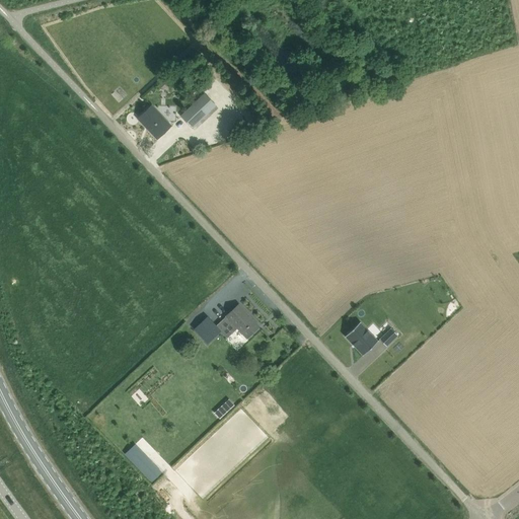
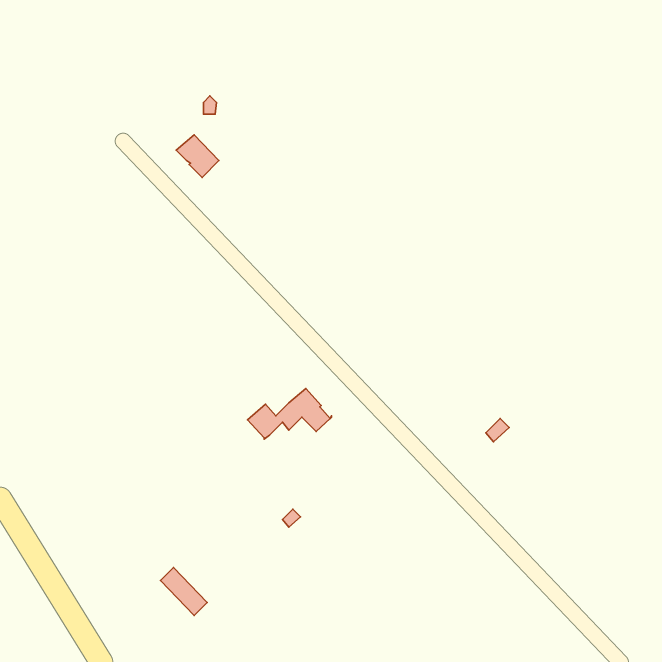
building: [181,93,217,128] -> none
building: [346,322,378,355] -> none

